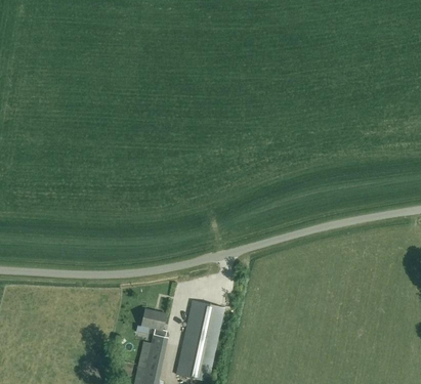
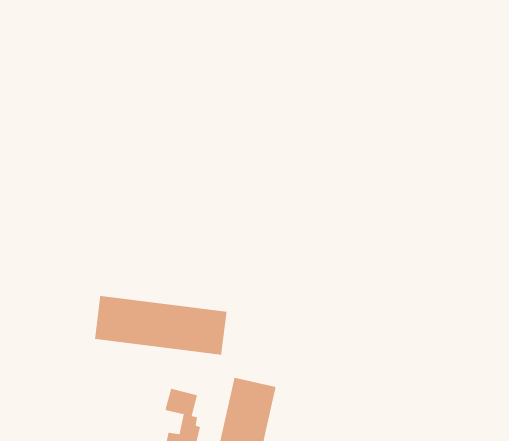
building: none -> [94,295,227,356]

